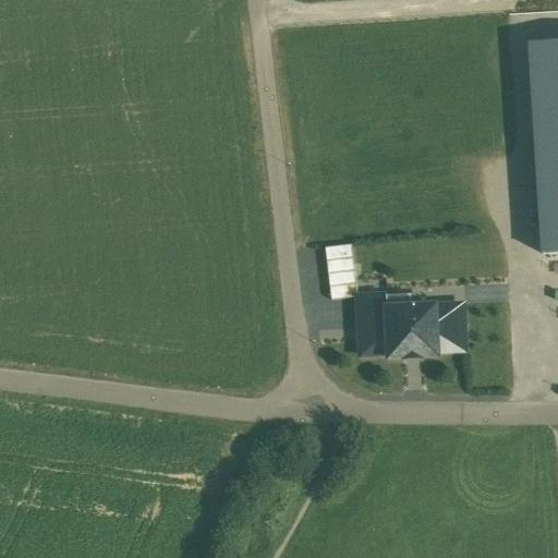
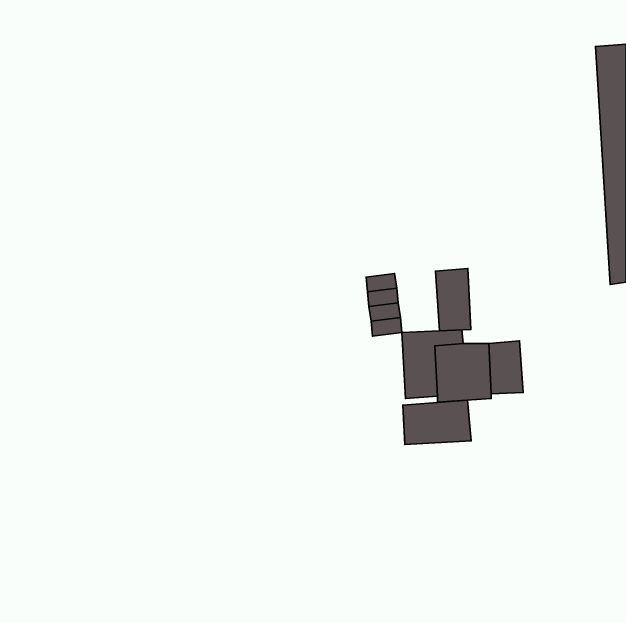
building: none -> [435,268,471,331]
building: none -> [403,400,471,444]

